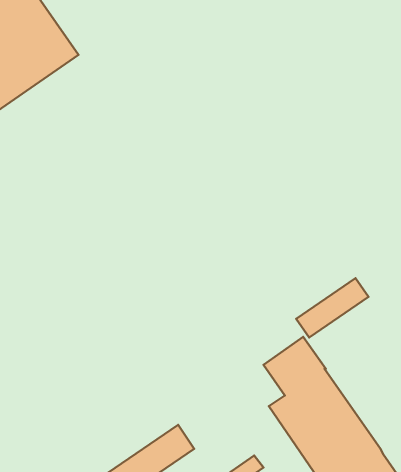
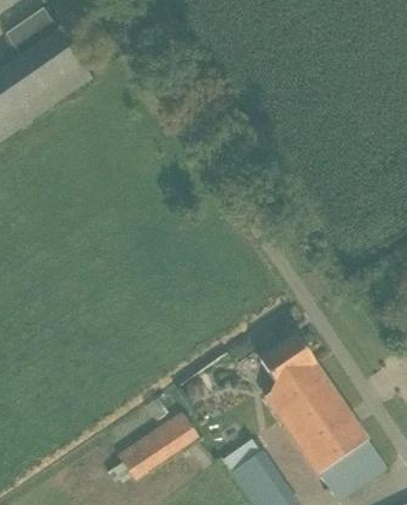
building: [296,278,368,337] -> none

